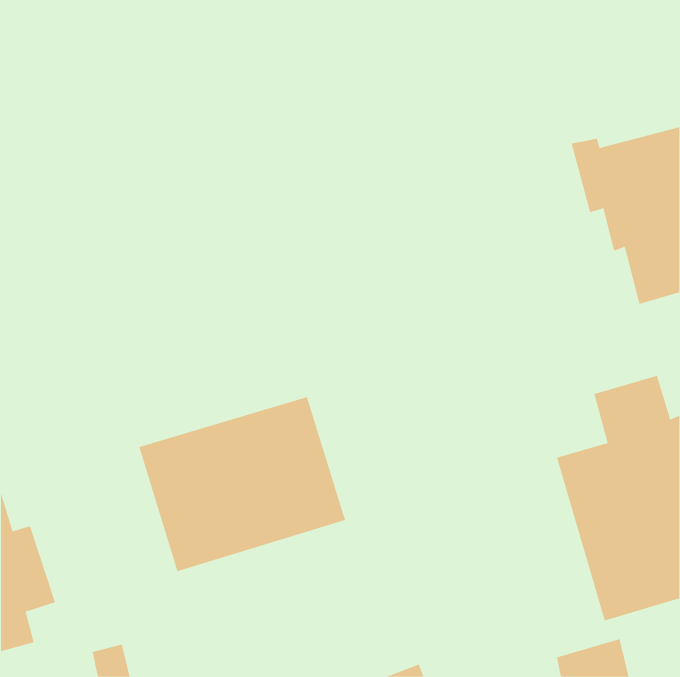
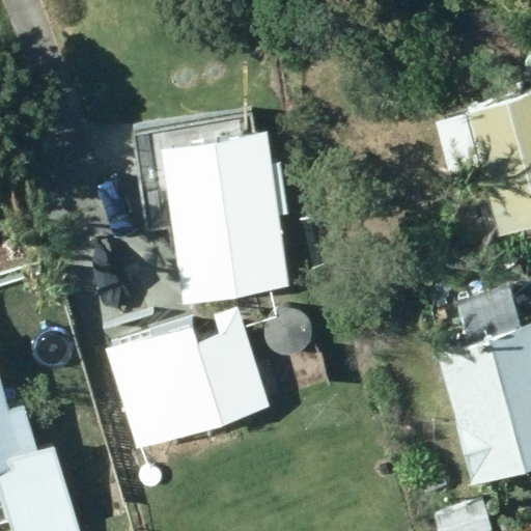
building: none -> [138,136,291,306]

